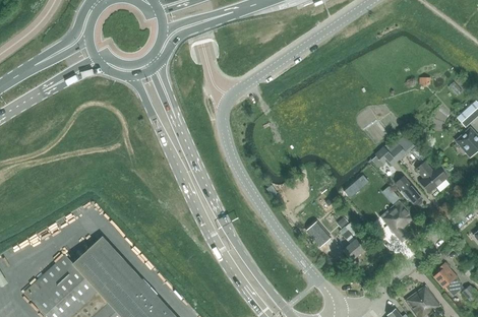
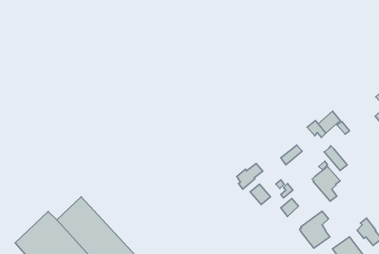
building: [415,164,450,194] -> none
building: none -> [237,164,263,189]
building: none -> [299,211,330,248]

